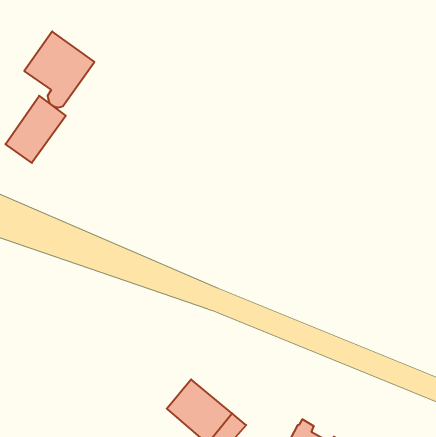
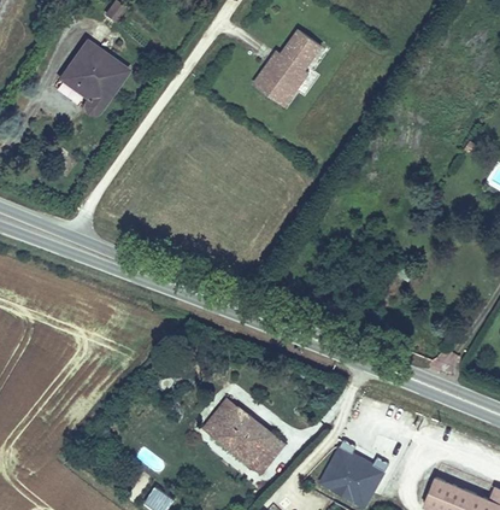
building: none -> [252,30,322,107]
building: [5,96,66,163] -> none

